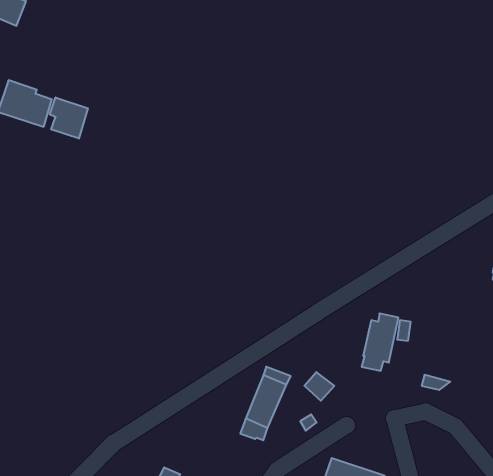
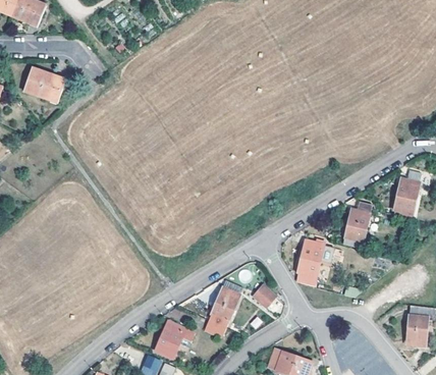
building: [50,97,88,139] -> none
building: none -> [342,201,371,248]
building: none -> [155,321,196,358]

